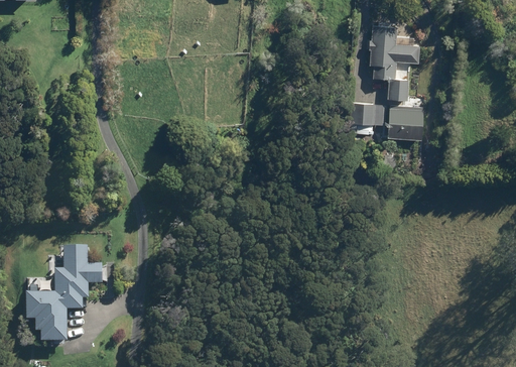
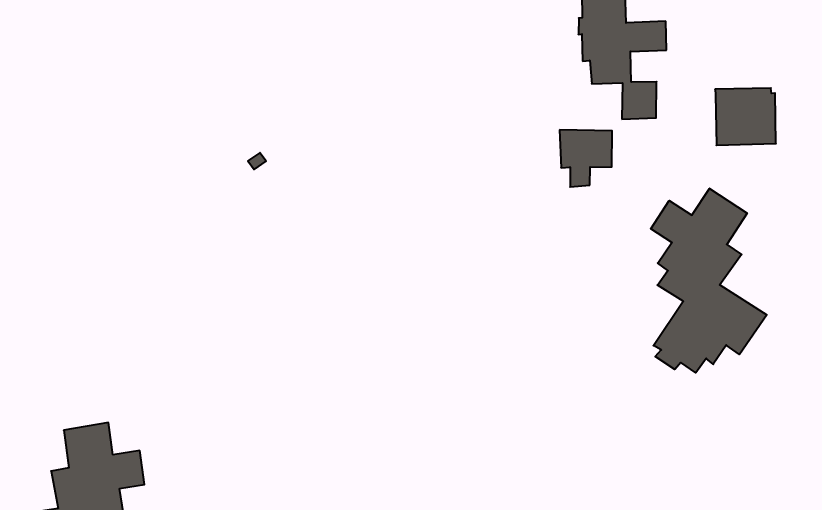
building: [387,107,422,140] -> [715,88,776,145]
building: none -> [651,188,767,373]

